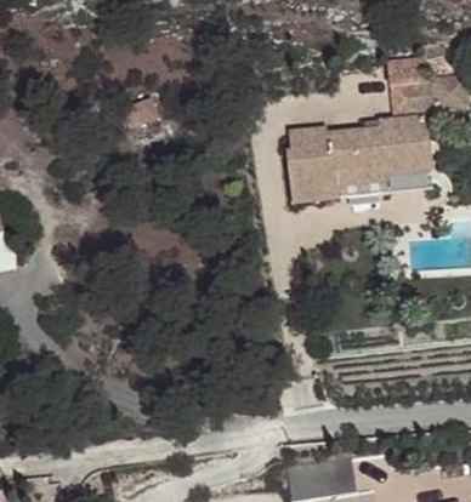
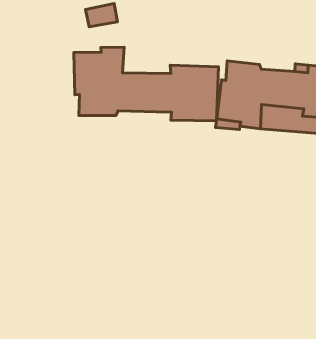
building: none -> [74,47,219,121]

